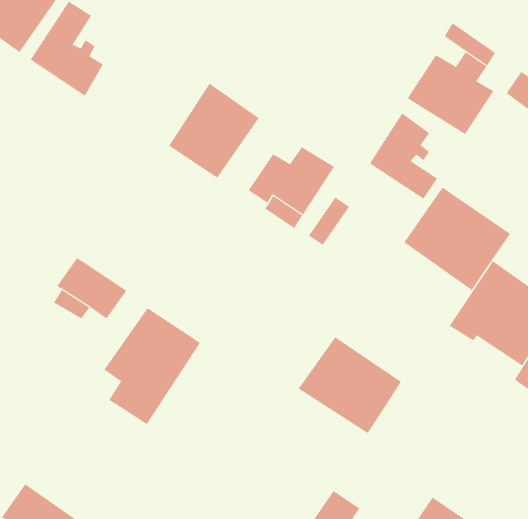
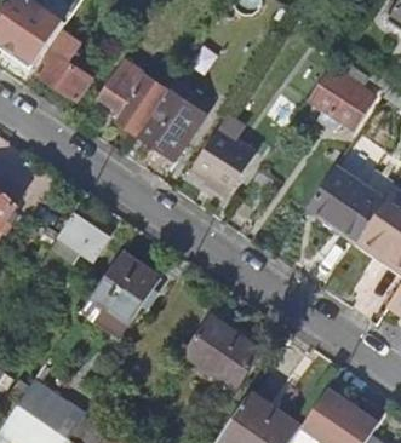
building: none -> [101,62,166,134]
building: [369,113,438,200] -> none
building: [298,336,402,434] -> [185,317,260,387]

